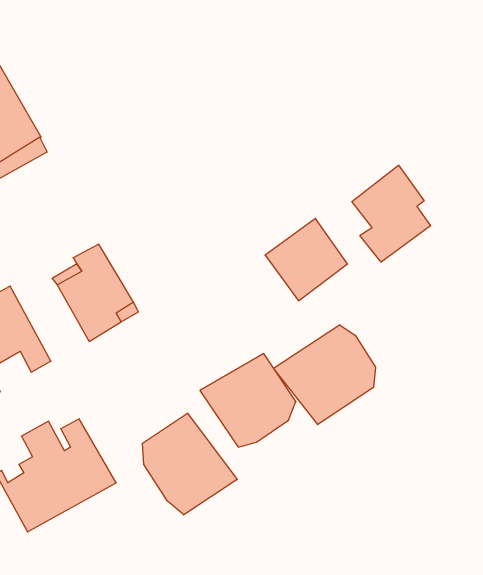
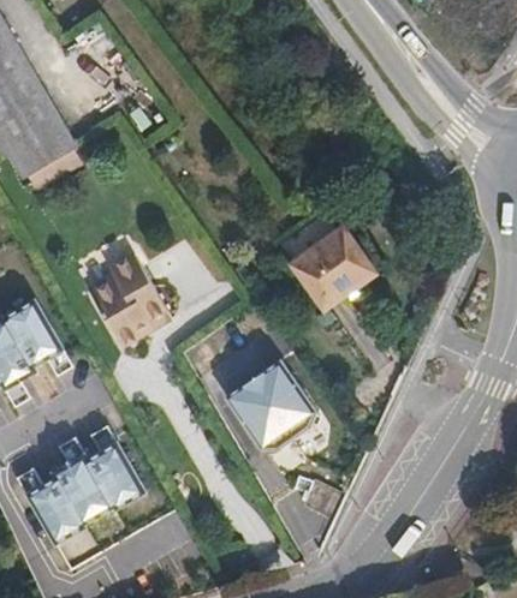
building: [352,165,431,262] -> none
building: [274,325,375,425] -> none
building: [142,413,237,515] -> none

